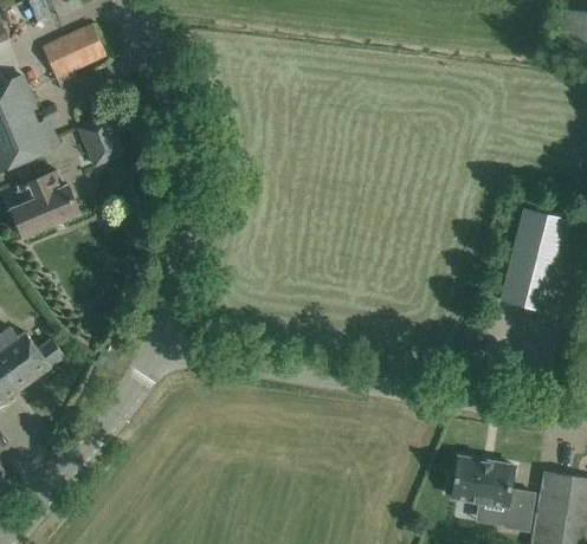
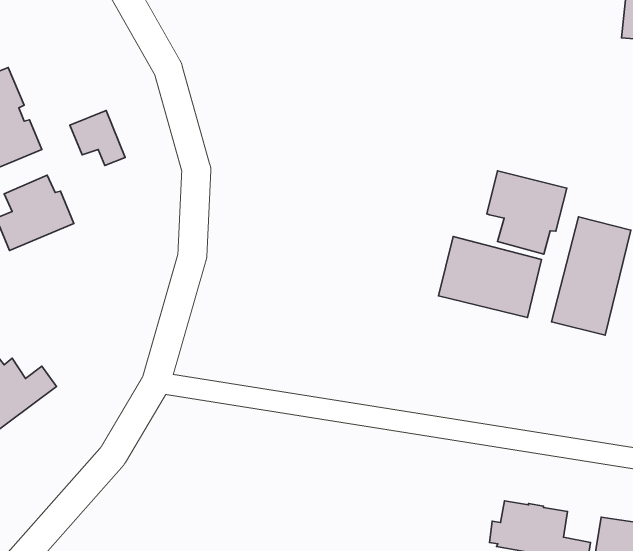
building: [41,26,105,78] -> none
building: none -> [487,171,567,254]
building: none -> [438,237,542,317]

